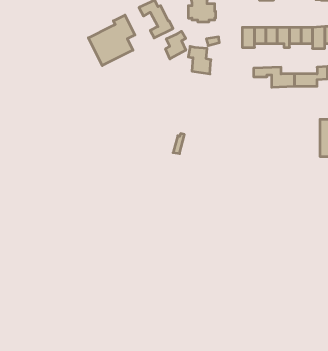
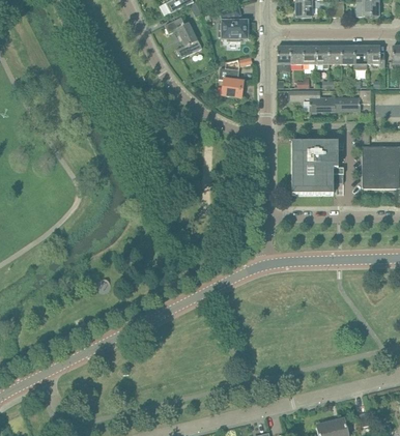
building: [88,15,135,66] -> none
building: [166,31,186,59] -> none
building: none -> [291,140,343,193]

